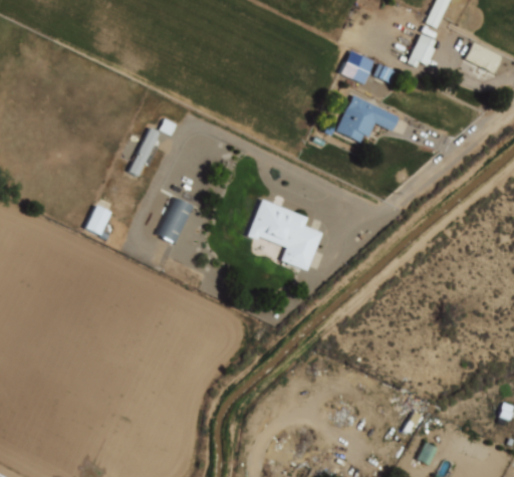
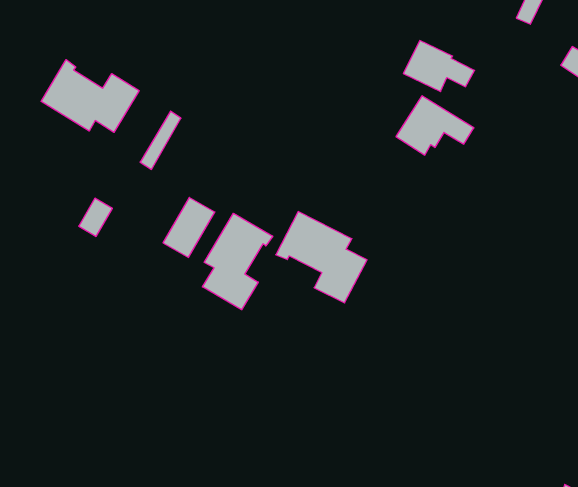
building: [407,33,437,69] -> none
building: none -> [41,60,139,132]
building: none -> [202,213,273,310]

